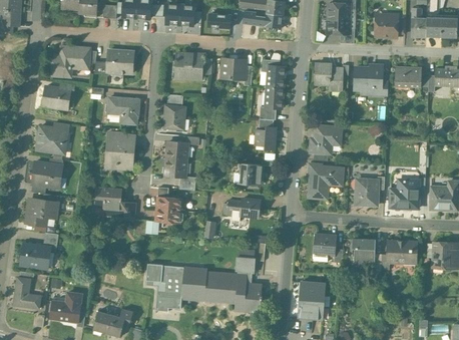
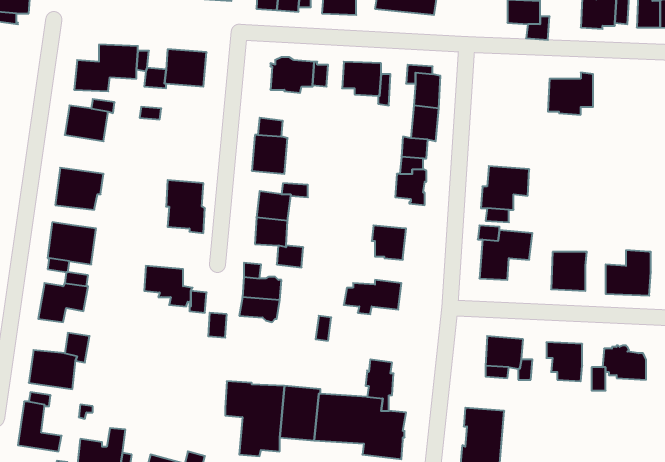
building: [314,63,342,90] -> none
building: [394,66,421,87] -> none
building: [107,98,139,125] -> none

